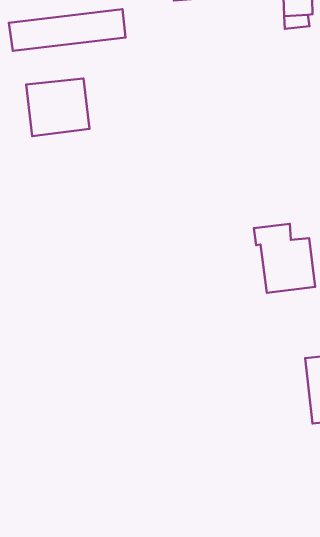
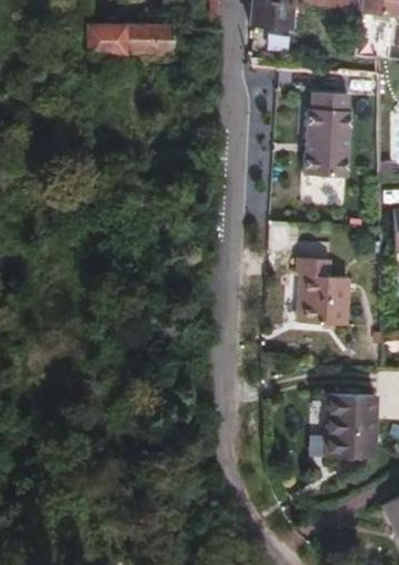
building: none -> [305,94,355,180]
building: [26,79,90,136] -> none

